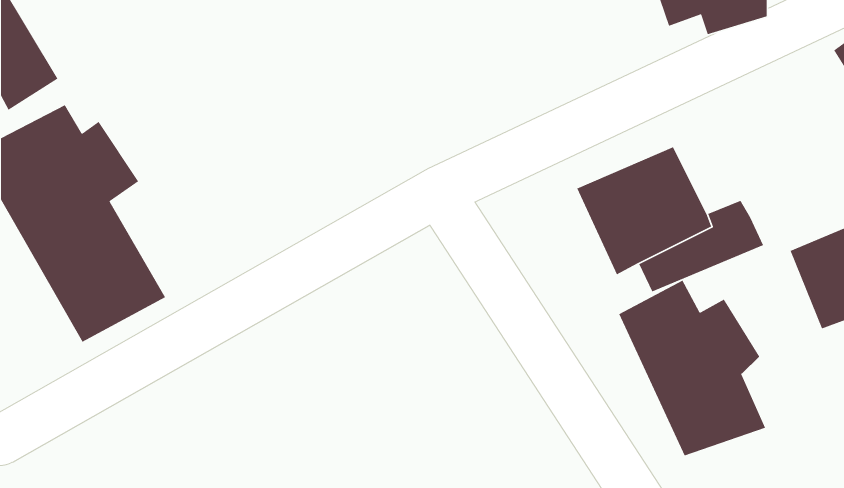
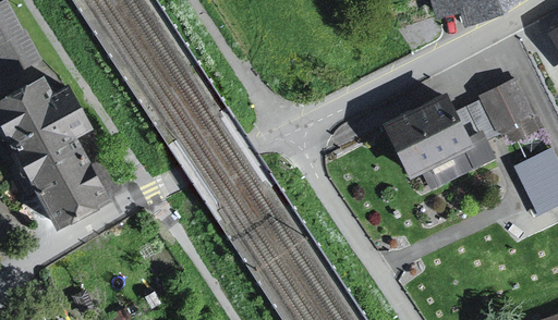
building: none -> [450,78,544,143]
building: [618,279,766,457] -> none

